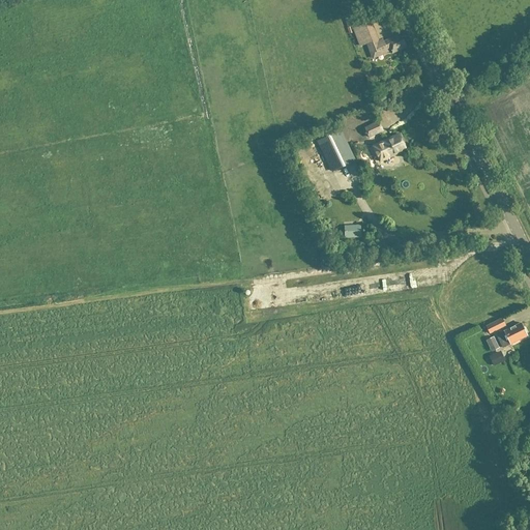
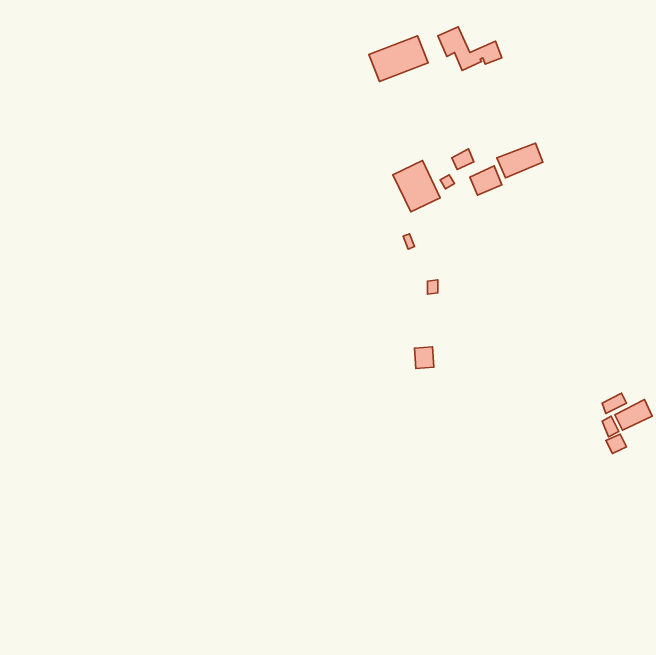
building: none -> [369,36,428,81]
building: none -> [497,143,543,178]

